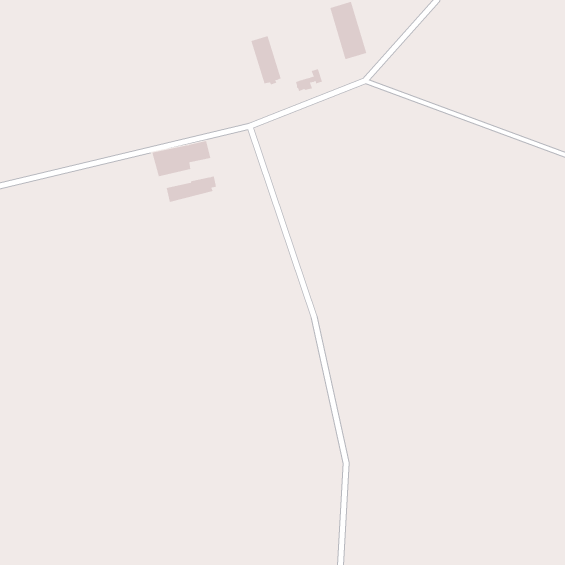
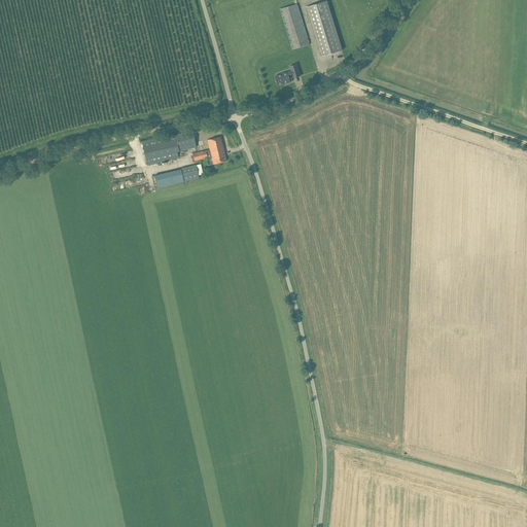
building: [251,35,282,85] -> [280,4,309,50]
building: none -> [192,137,226,165]

